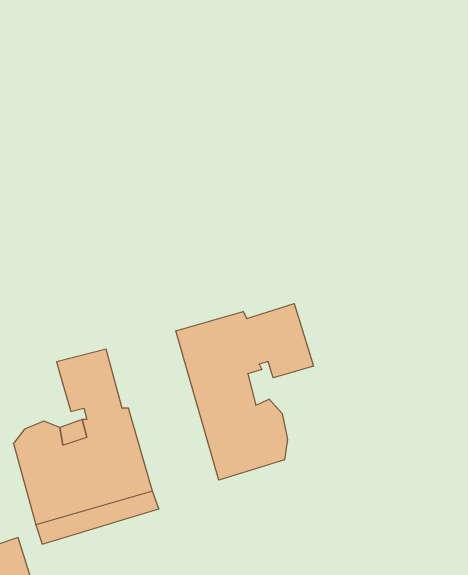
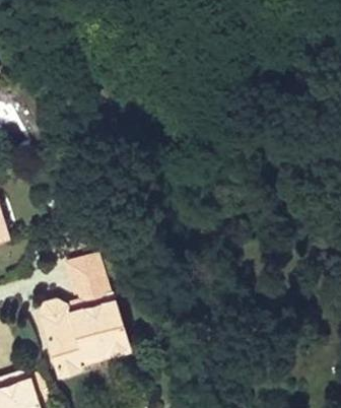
building: [176,304,313,480] -> none

